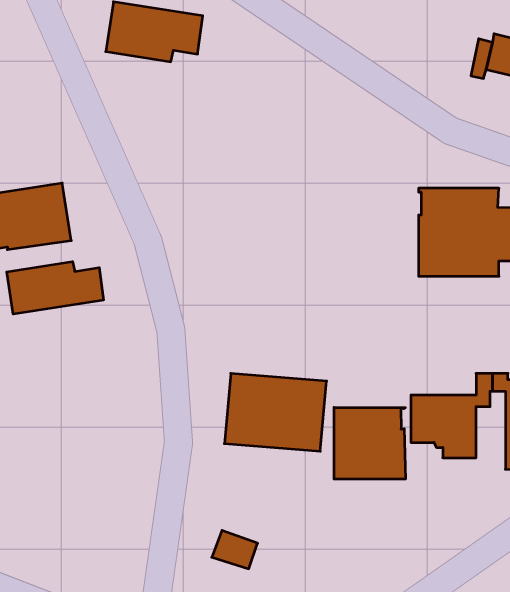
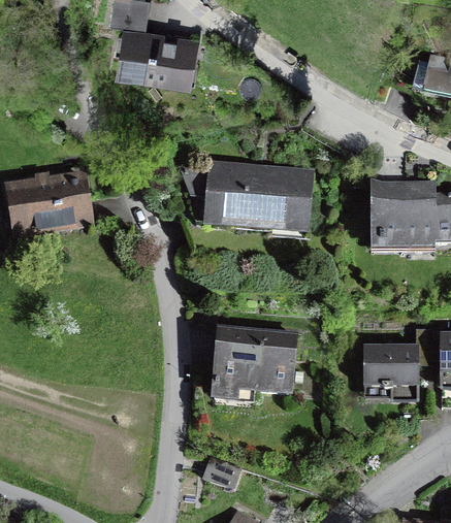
building: none -> [179,164,311,242]
building: [7,262,103,314] -> none
building: [334,407,405,479] -> none

